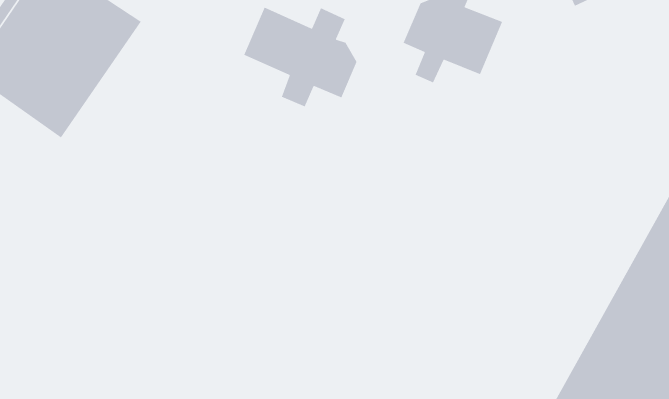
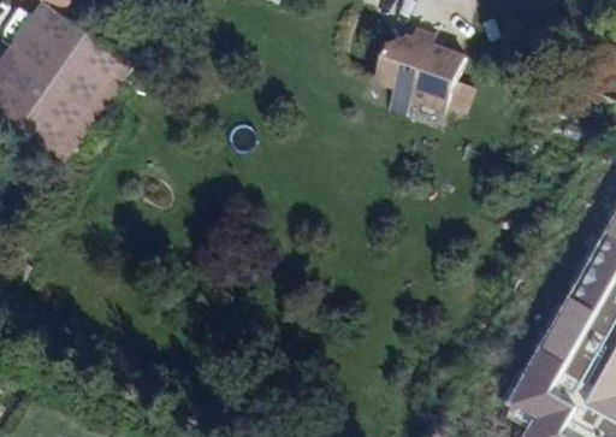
building: [243,6,358,107] -> none

